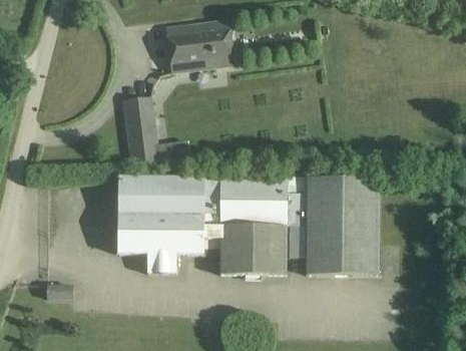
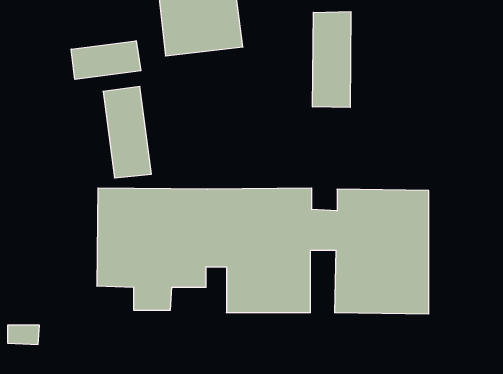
building: none -> [313,12,351,107]
building: none -> [71,41,141,79]

